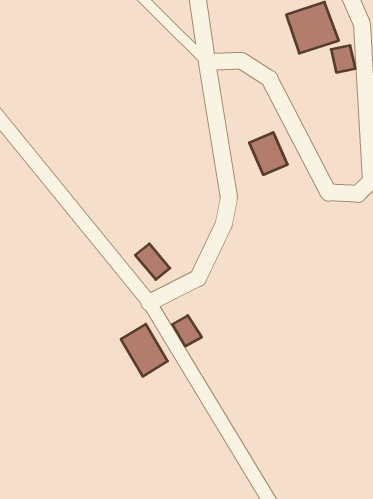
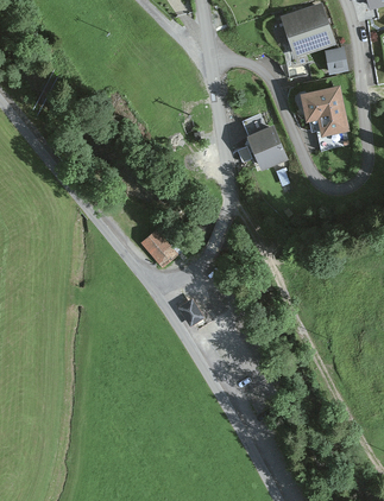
building: none -> [301,89,346,134]
building: [121,324,168,376] -> none

